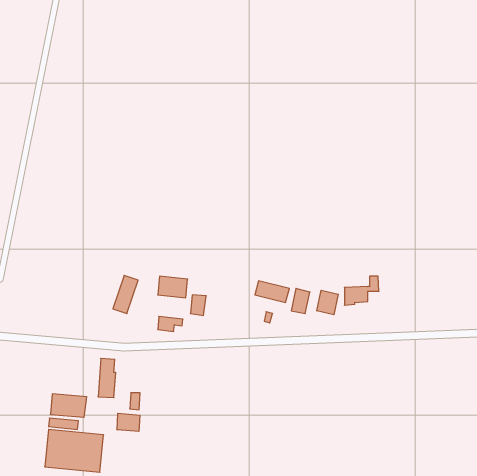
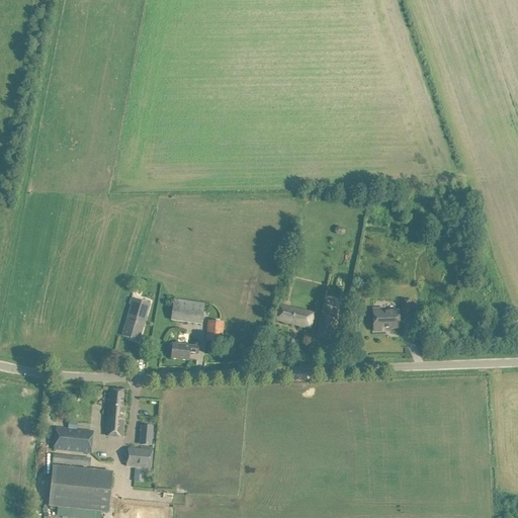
building: [317,290,338,315] -> none

